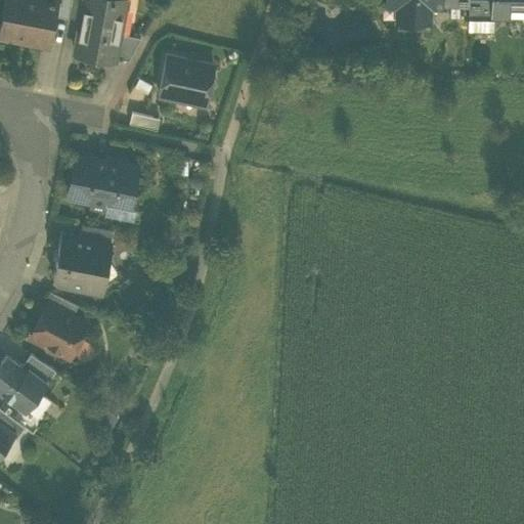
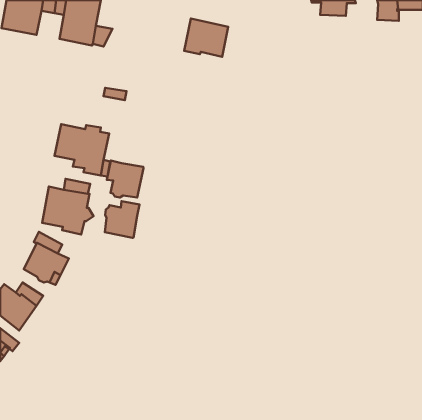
building: [160,57,214,104] -> [184,19,228,57]
building: none -> [107,161,143,198]
building: none -> [105,201,140,238]

